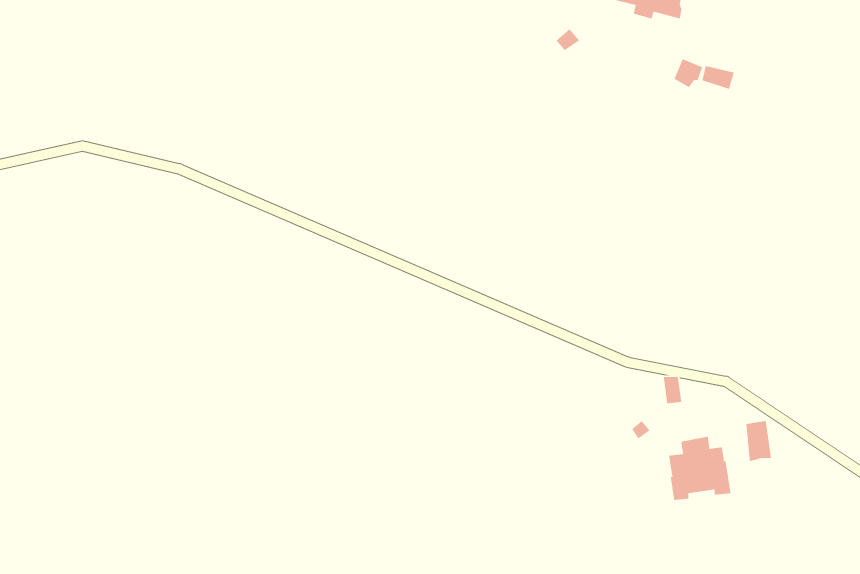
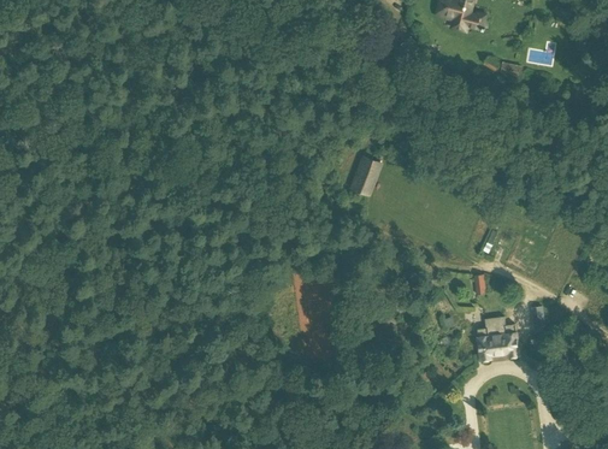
building: none -> [349,154,382,196]

